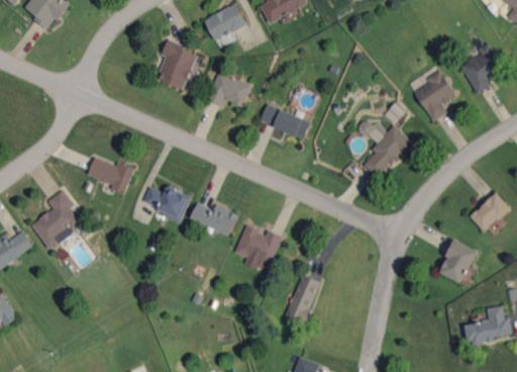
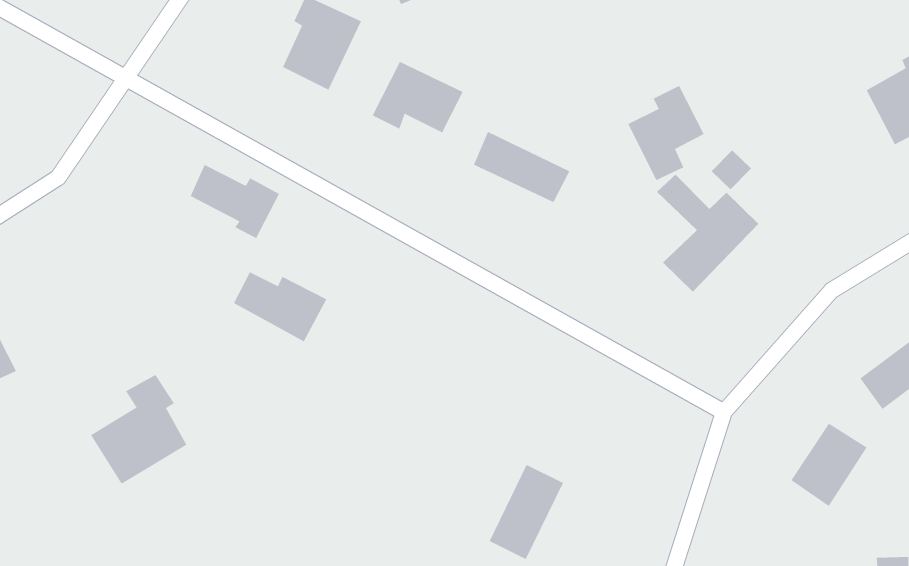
building: [415,70,455,120] -> [627,85,705,181]
building: [88,157,134,193] -> [190,164,280,239]
building: [31,190,82,249] -> [90,374,187,484]
building: [190,202,238,235] -> none
building: [235,225,283,270] -> none

